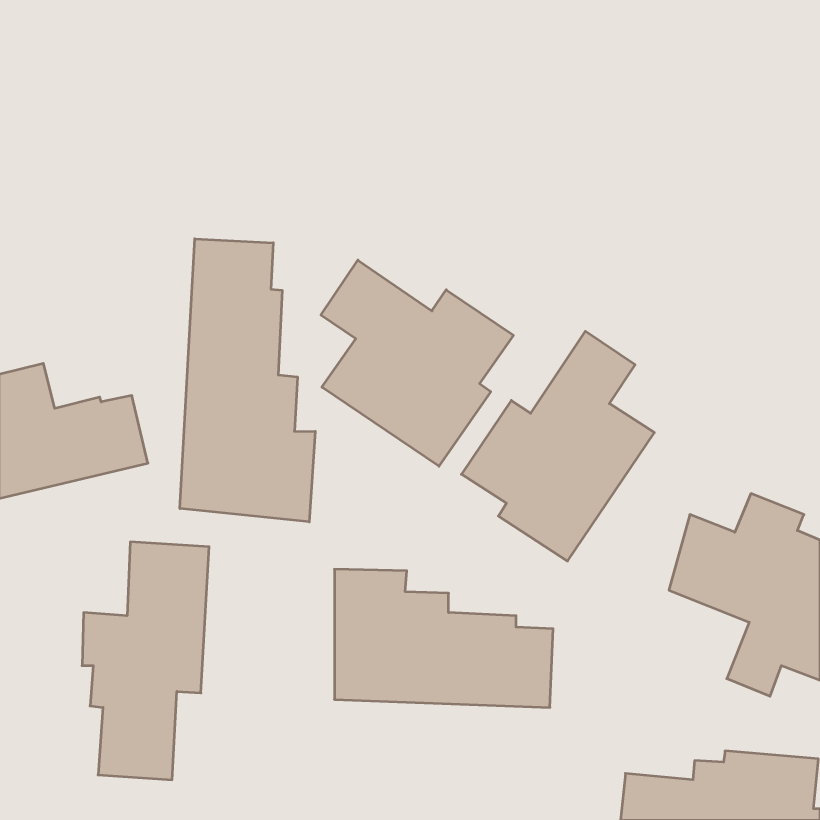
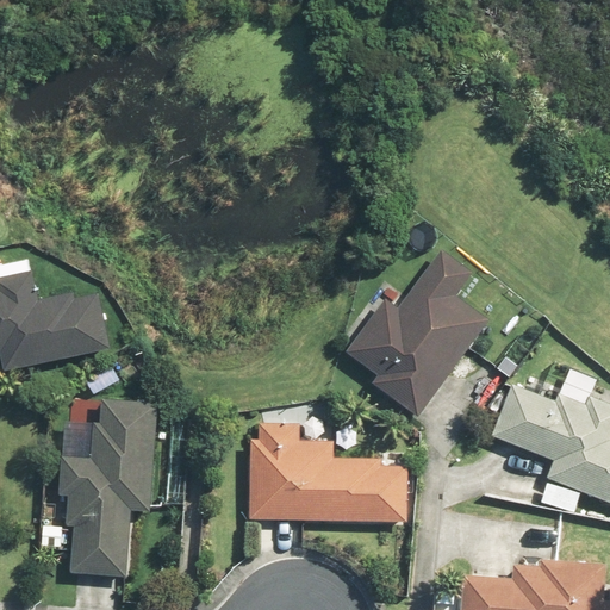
building: [180,239,315,522] -> none
building: [321,260,513,466] -> none

